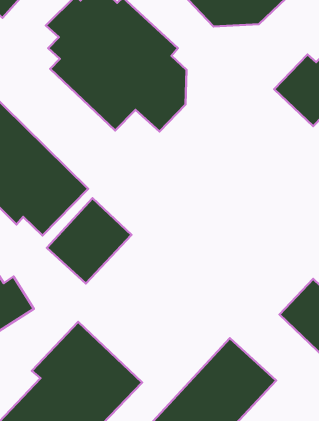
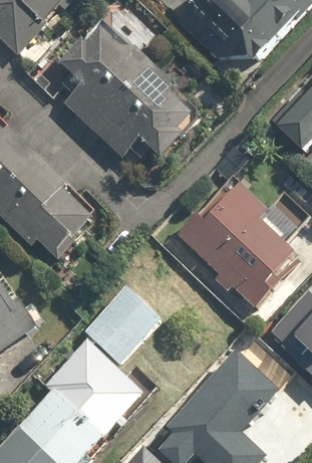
building: none -> [174,180,299,312]
building: [47,198,131,284] -> [83,284,162,364]

